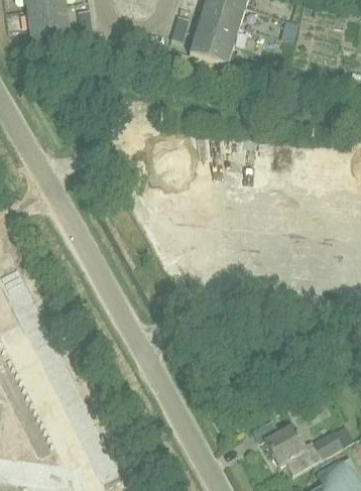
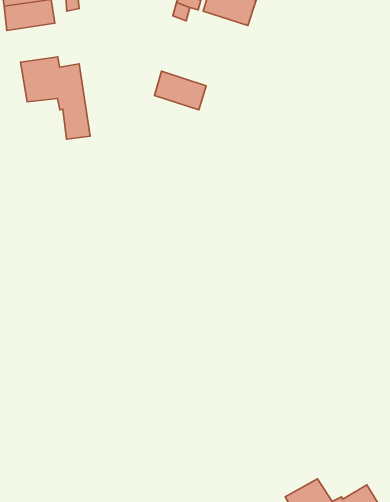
building: [190,32,233,65] -> [154,71,206,110]
building: none -> [21,57,90,139]

